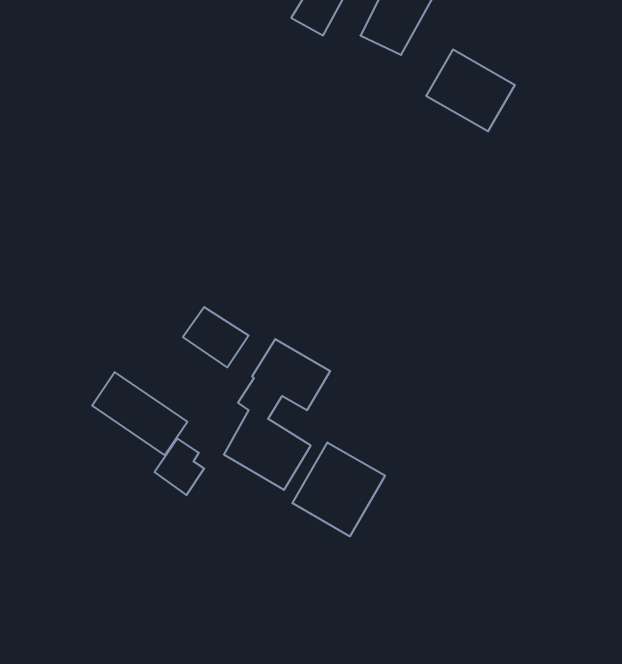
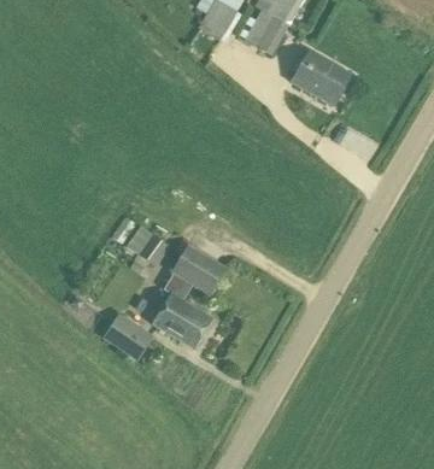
building: [92,372,187,455] -> none
building: [292,442,385,536] -> none

